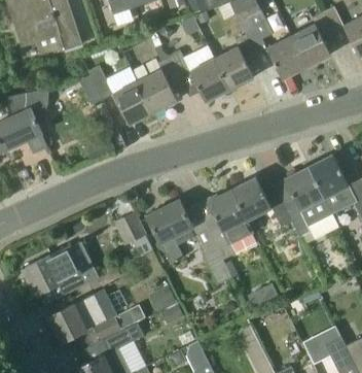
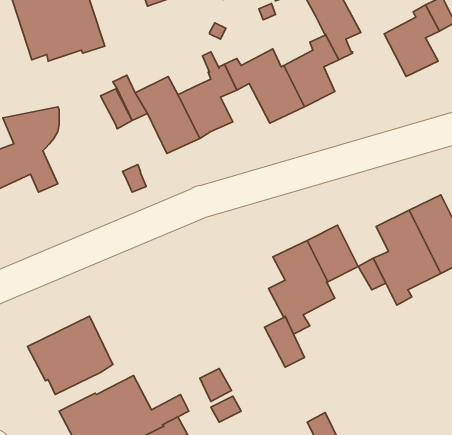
building: [267,34,307,78] -> none
building: [147,199,193,264] -> none
building: [116,213,152,256] -> none

